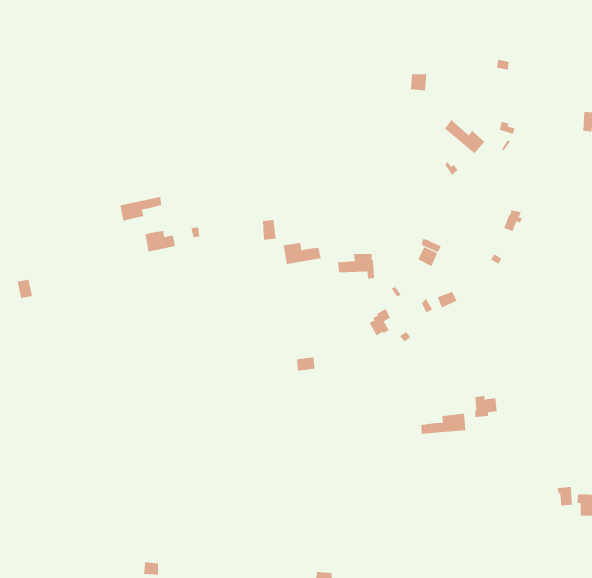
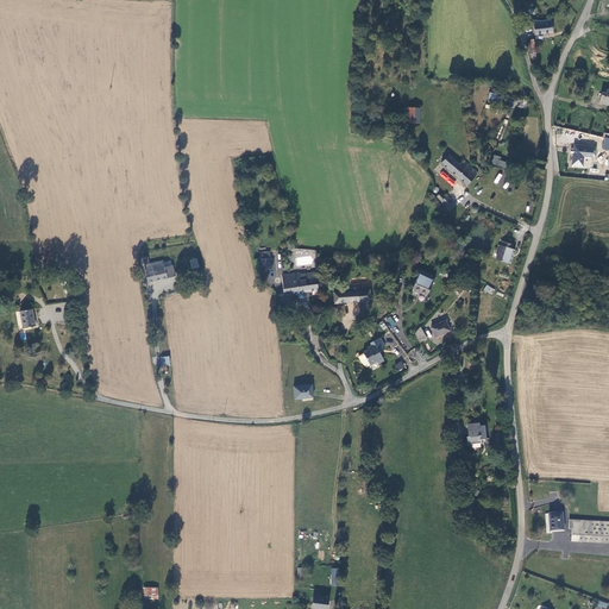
building: [120,196,162,222] -> none
building: [421,413,466,435] -> none

